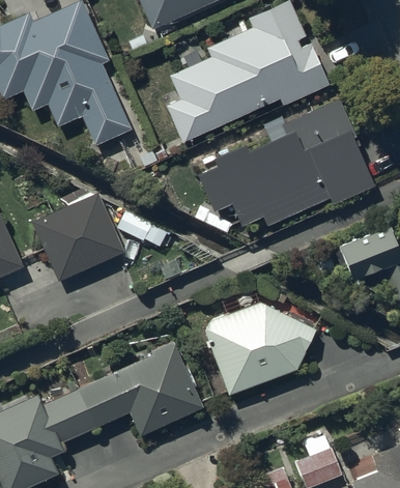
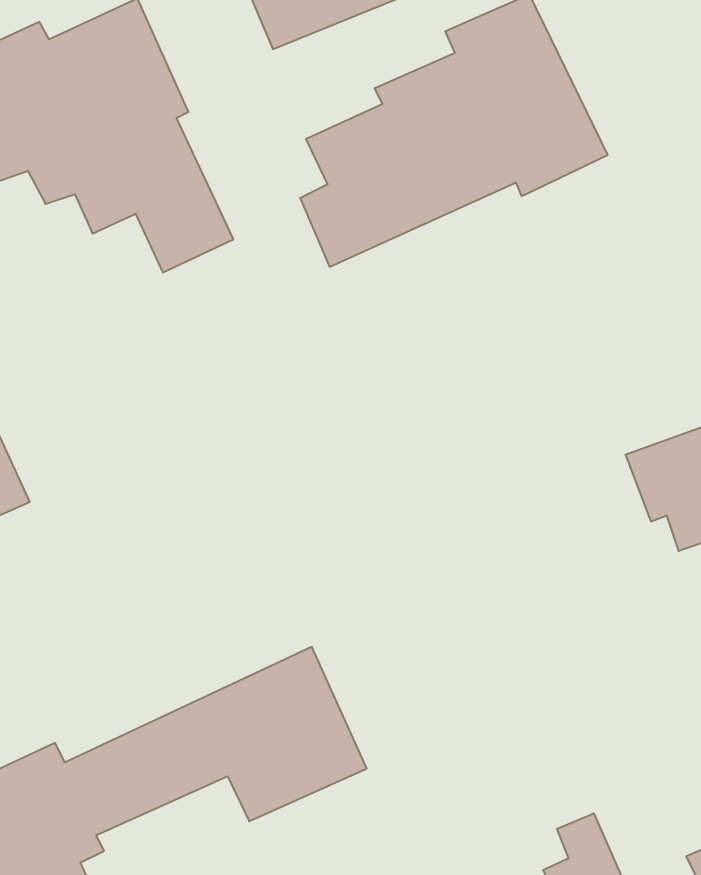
building: [196,99,373,225] -> none
building: [32,192,123,280] -> none
building: [204,300,314,395] -> none

